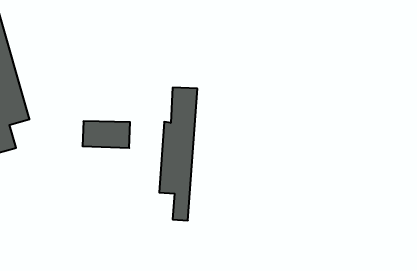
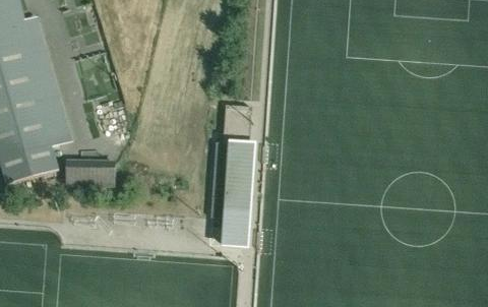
building: [82,121,130,148] -> [66,159,117,187]

